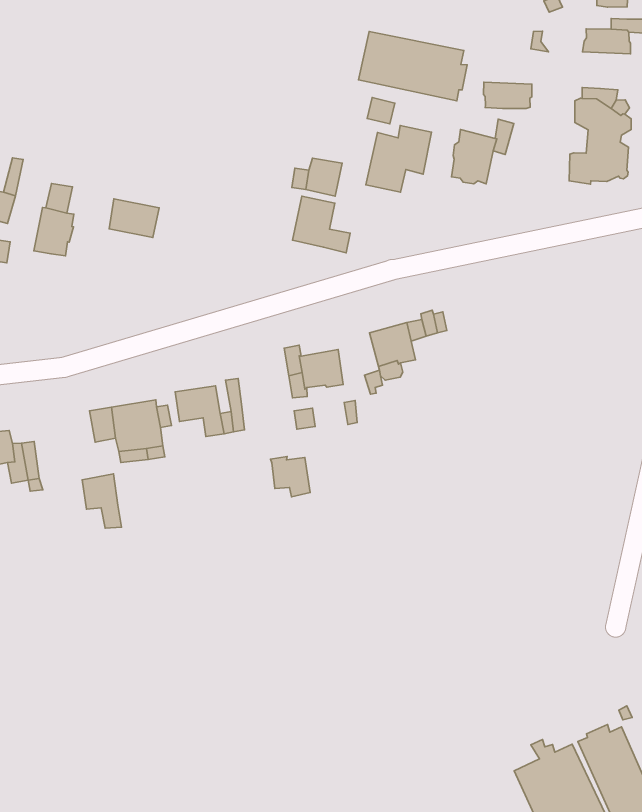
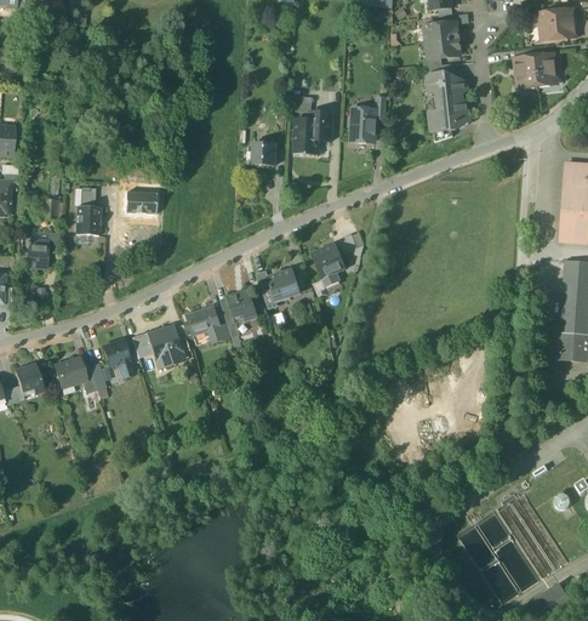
building: [358,31,467,101] -> none
building: [484,82,532,109] -> [426,38,459,58]
building: [293,196,350,253] -> none
building: [271,456,310,497] -> [227,291,257,319]
building: [82,474,121,528] -> [102,338,133,376]

